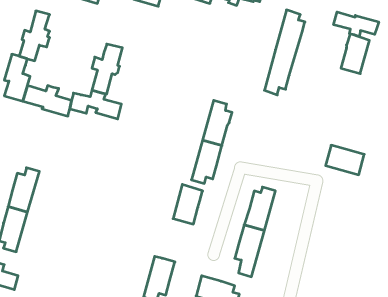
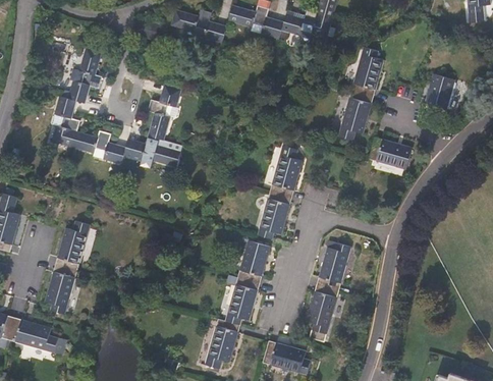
building: [334,12,379,37] -> none
building: [326,145,364,175] -> [369,137,412,169]
building: none -> [225,277,260,325]

